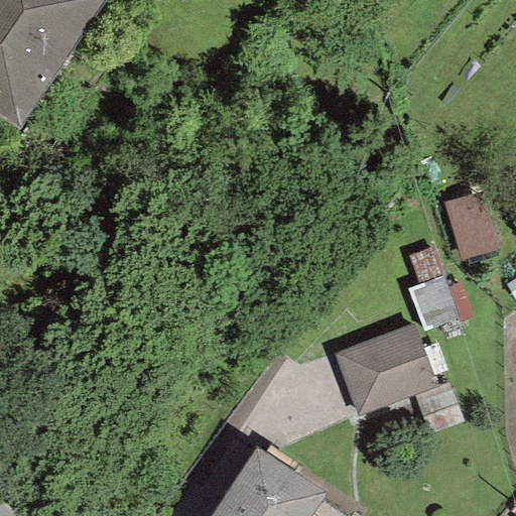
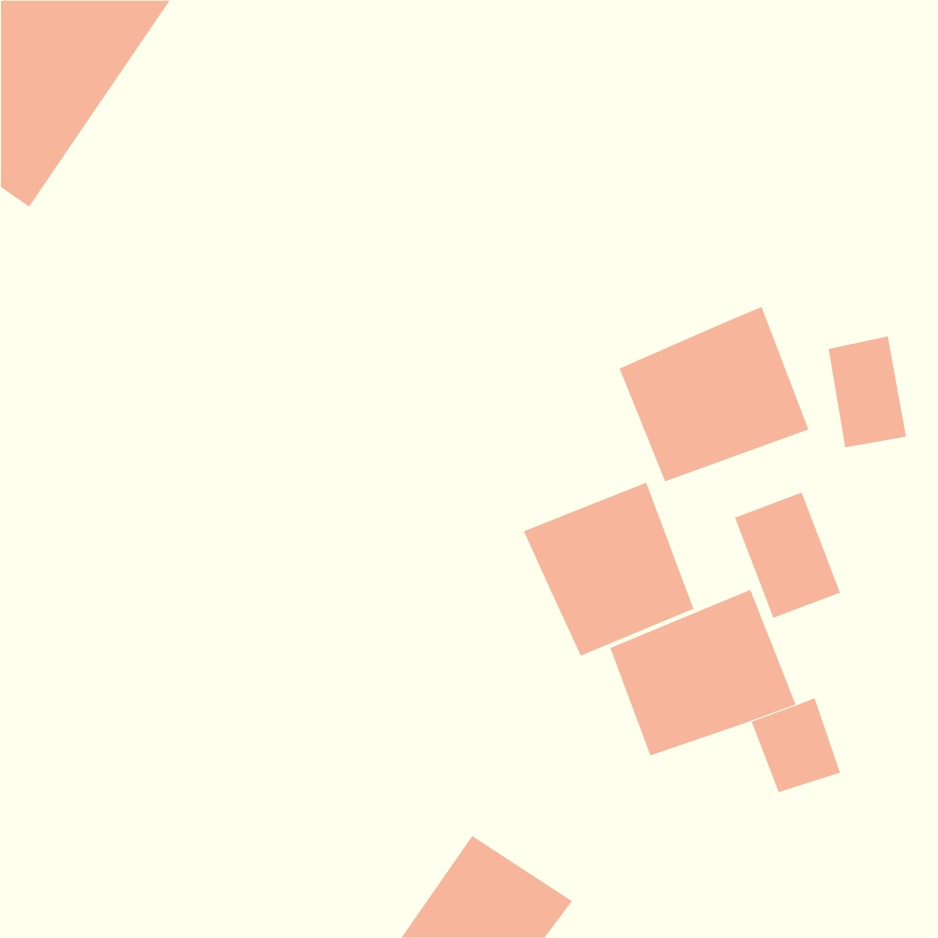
building: none -> [619,306,809,482]
building: none -> [523,482,694,656]

